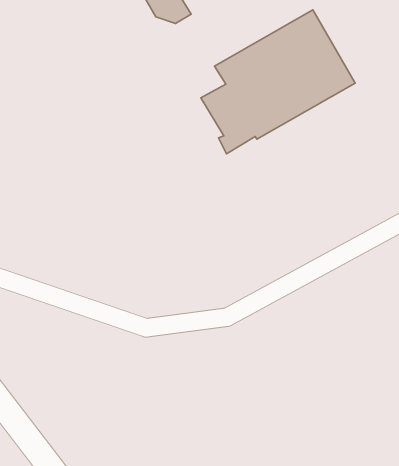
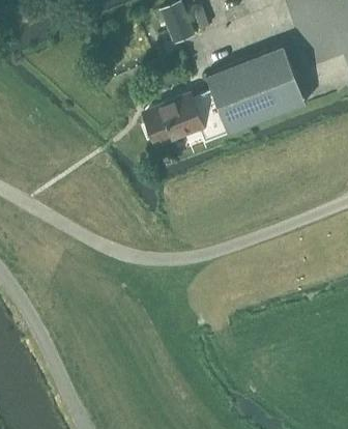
building: none -> [143,93,204,146]

